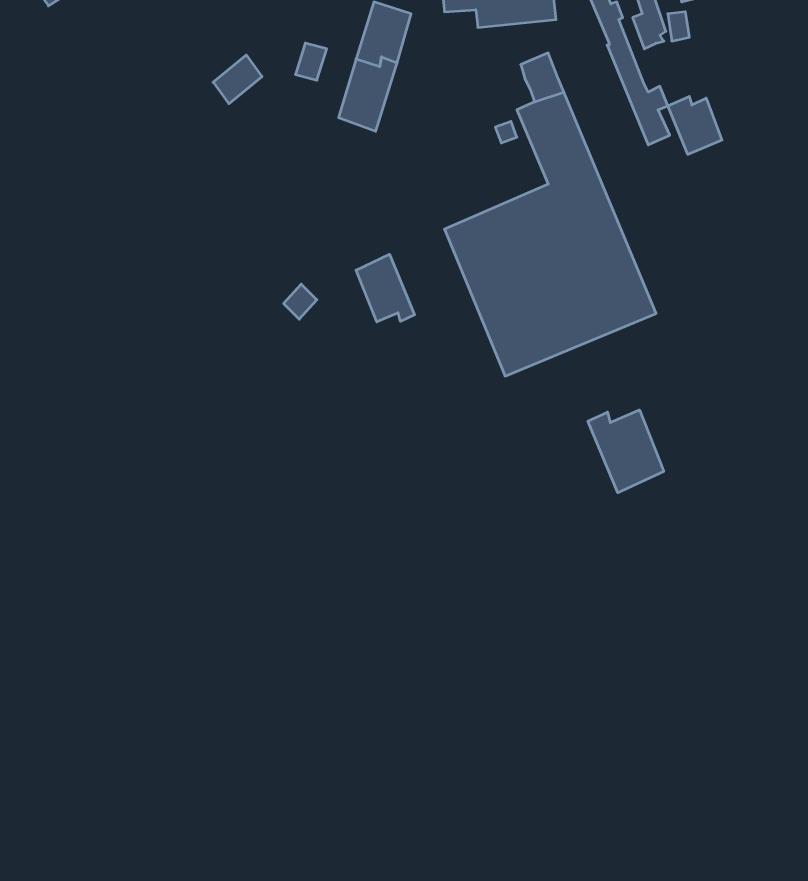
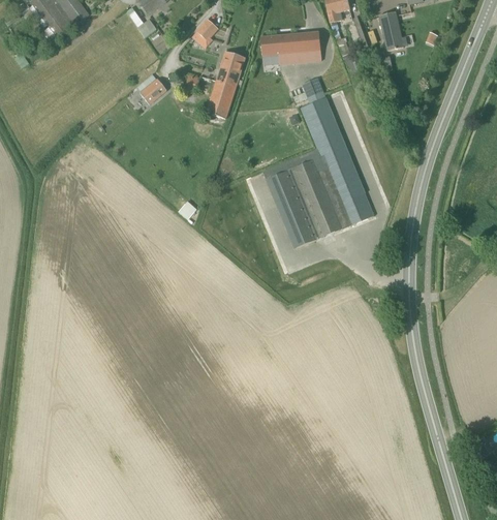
building: [668,96,722,154] -> none
building: [356,254,415,322] -> none
building: [588,410,664,493] -> none

